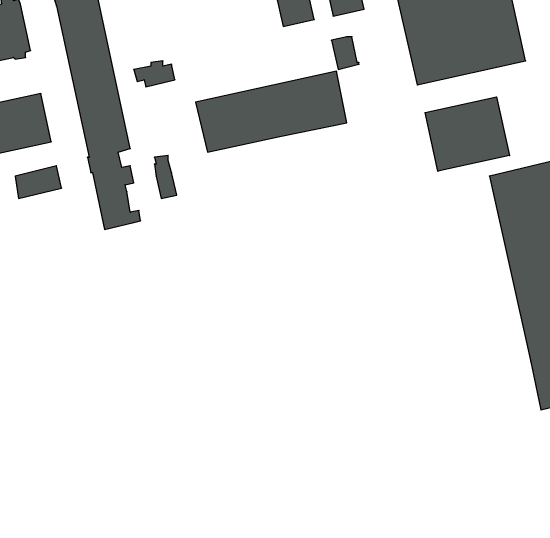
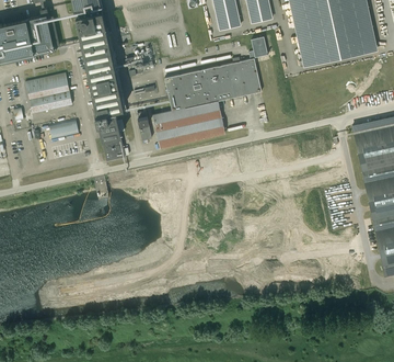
building: [425,97,510,171] -> none
building: none -> [152,100,225,147]

